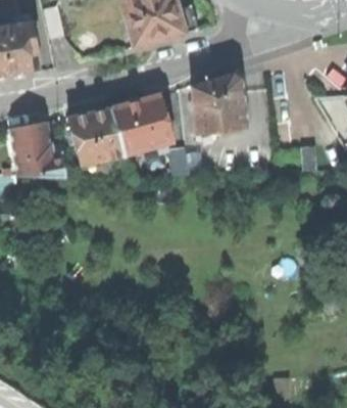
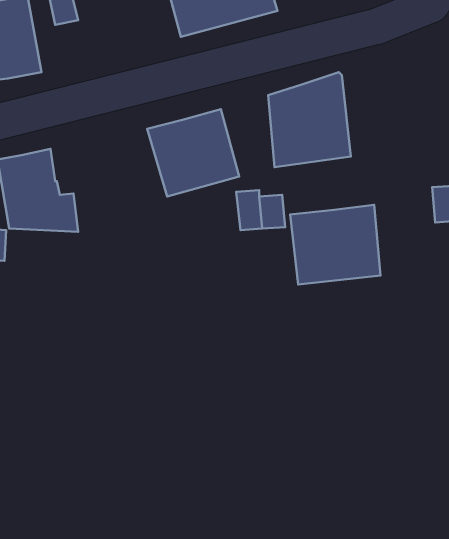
building: [67,107,123,165] -> none
building: none -> [290,205,380,285]

